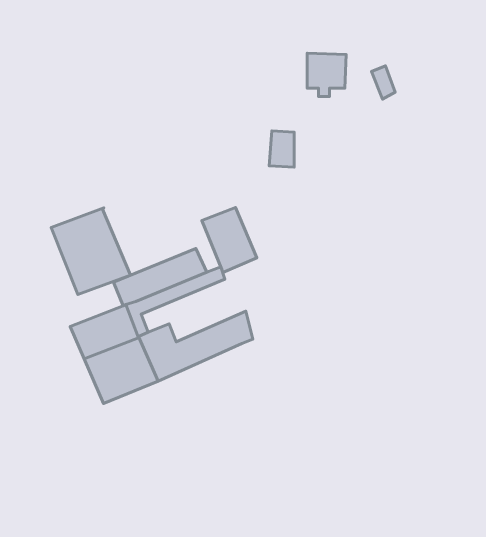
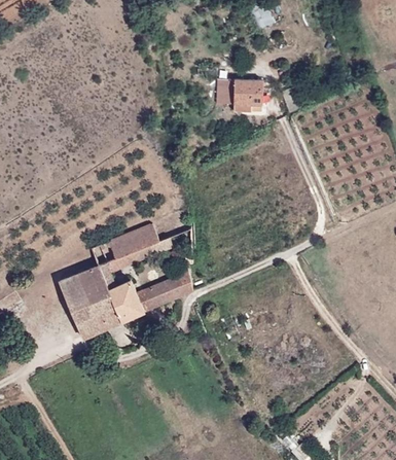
building: [269,131,294,167] -> [214,79,232,106]
building: [202,208,257,272] -> none
building: [51,208,131,295] -> none

